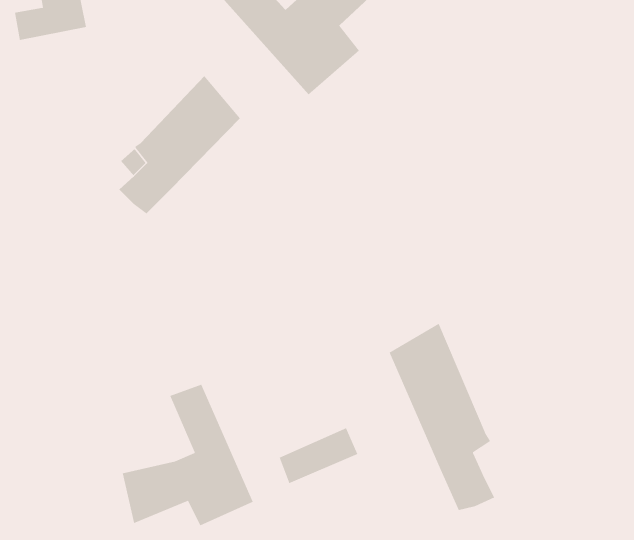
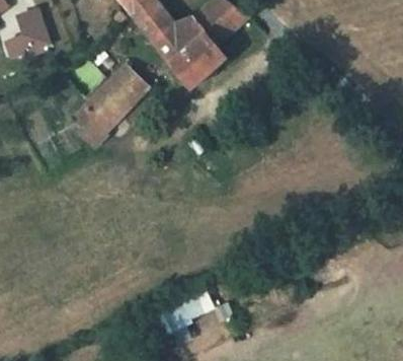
building: [389,323,495,511] -> none
building: [122,384,253,526] -> none

